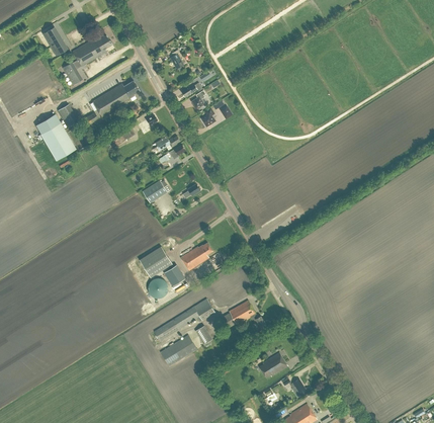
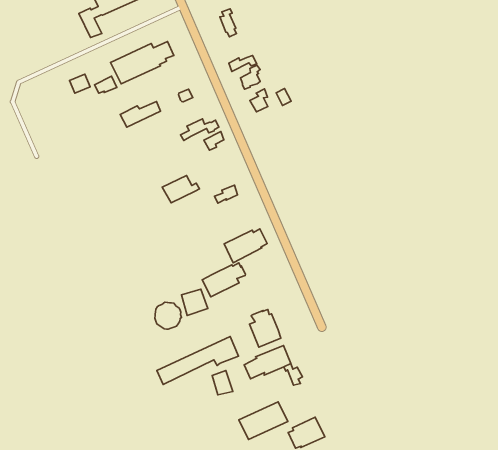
building: [39,121,75,160] -> none
building: none -> [224,229,267,263]
building: [140,246,172,277] -> none
building: none -> [250,309,281,347]
building: [159,334,196,365] -> [239,402,288,440]

